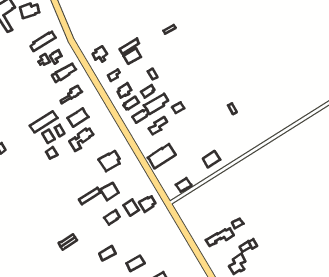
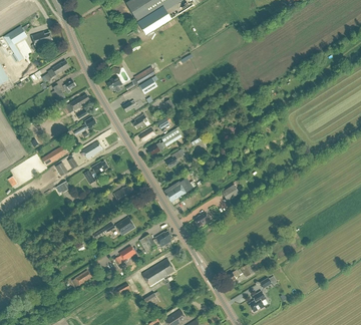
building: none -> [141,258,173,289]

